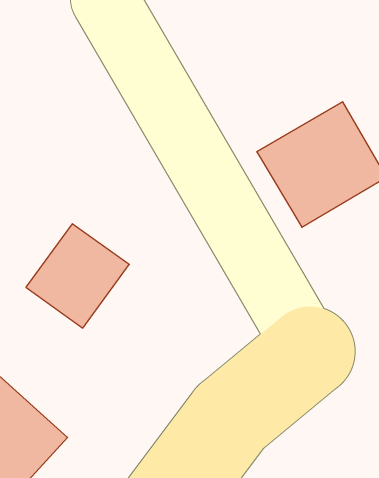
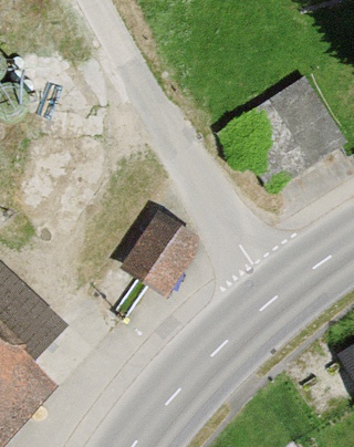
building: [26,224,129,328] -> [116,199,202,287]

